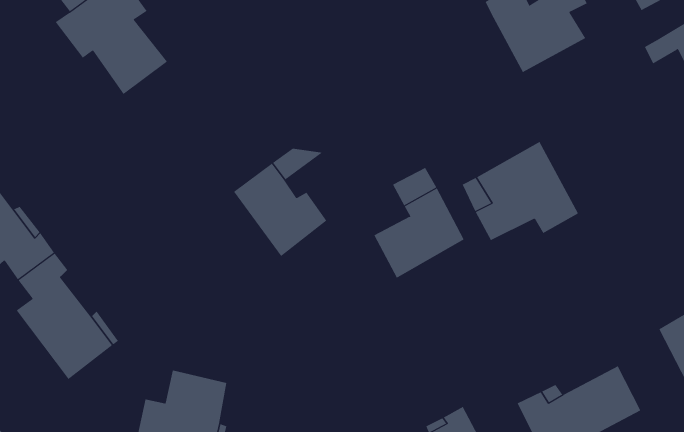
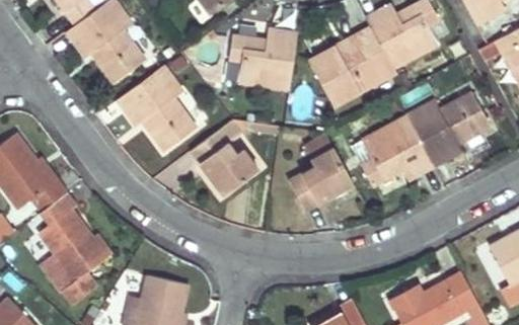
building: none -> [309,26,395,105]
building: none -> [229,29,297,90]
building: none -> [117,66,196,152]
building: none -> [405,93,491,166]

